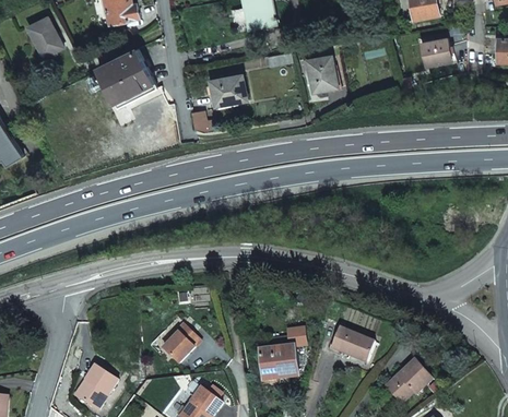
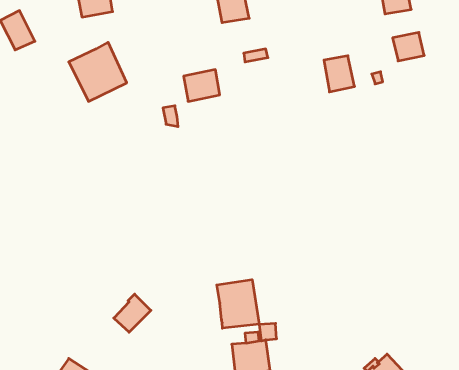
building: [307,57,338,93] -> [324,56,355,92]
building: none -> [217,280,259,328]
building: [163,324,200,362] -> [114,294,151,332]
building: [324,325,373,361] -> none

